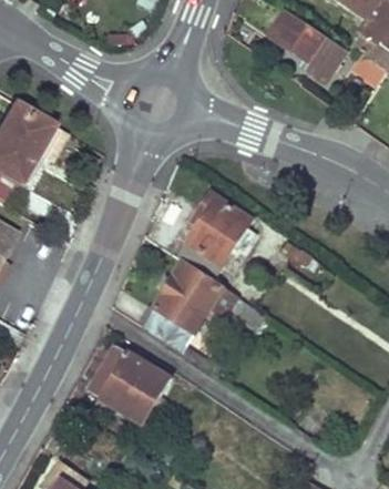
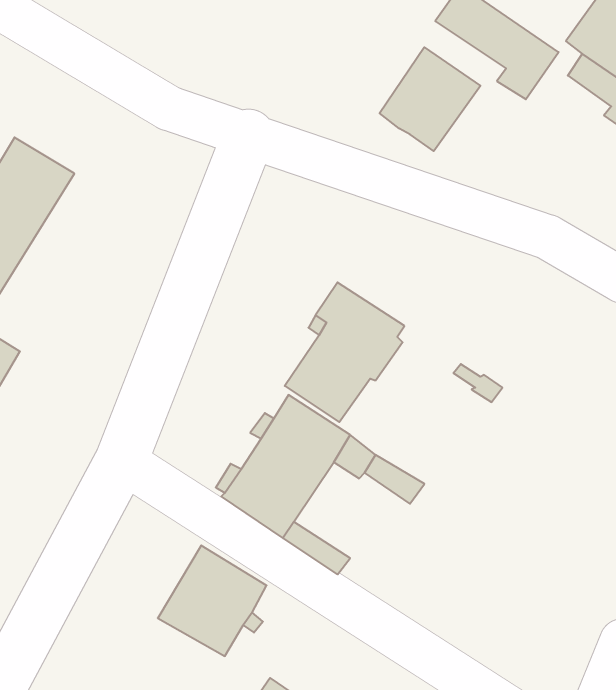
building: none -> [380,47,480,151]

